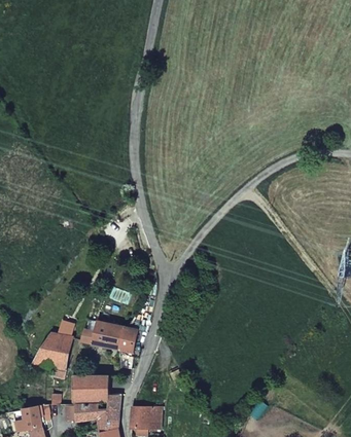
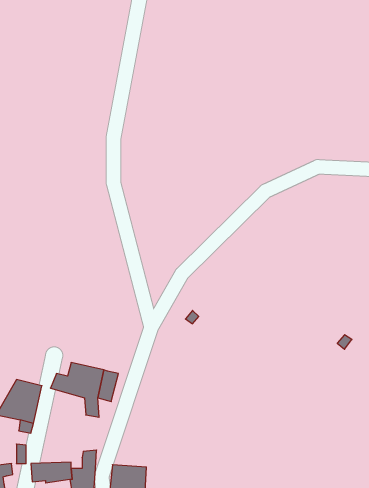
building: [72,372,107,400] -> none

